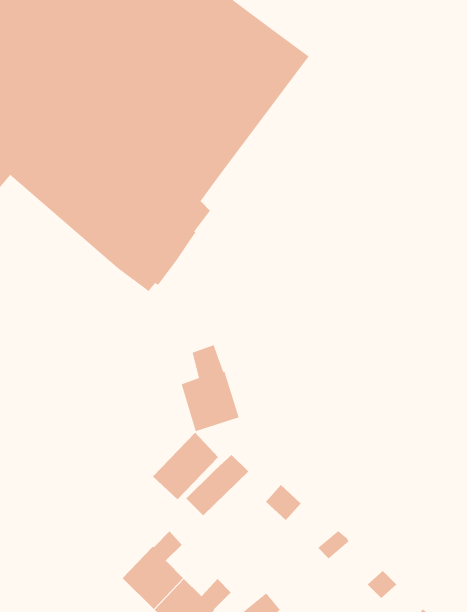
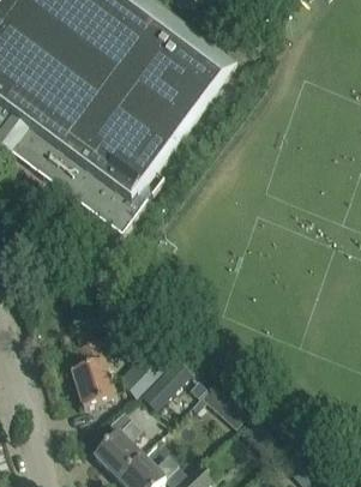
building: [181,344,240,432] -> [72,338,116,404]

